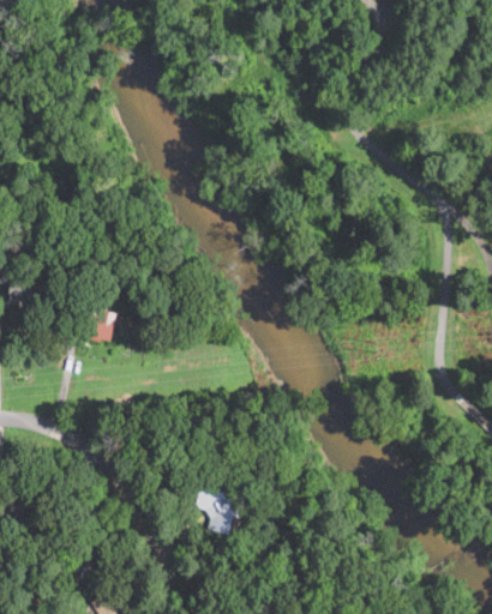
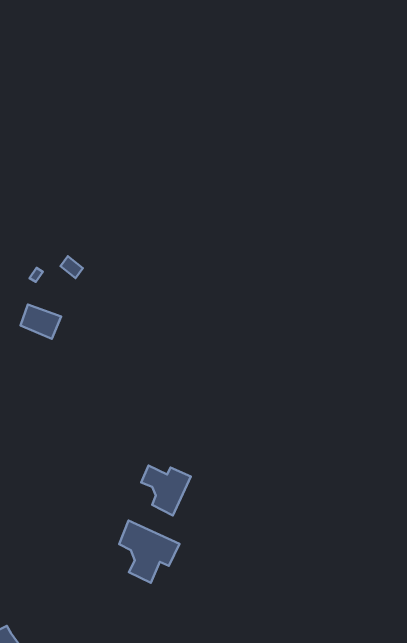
building: none -> [141,465,191,515]

